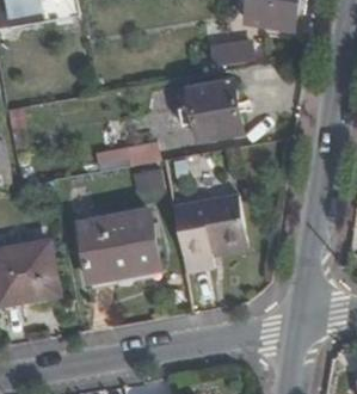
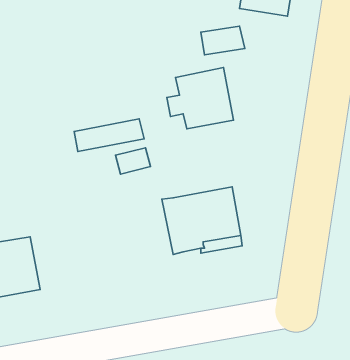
building: [79,215,160,289] -> none

